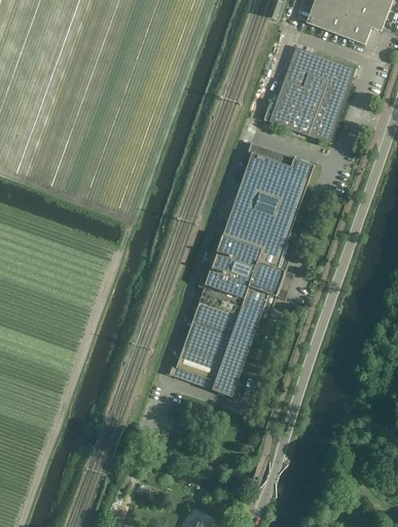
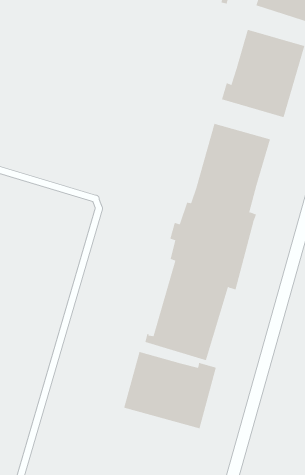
building: none -> [124,351,217,429]

